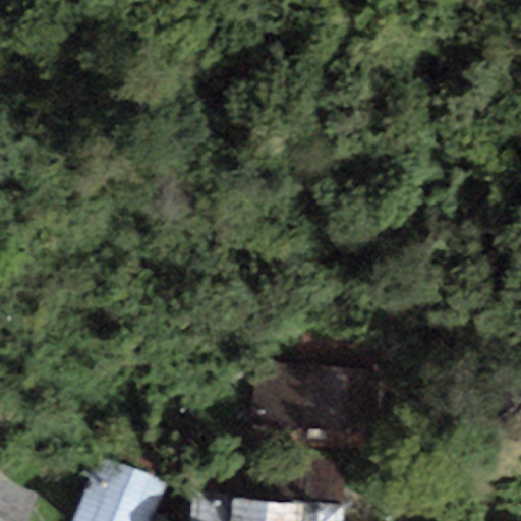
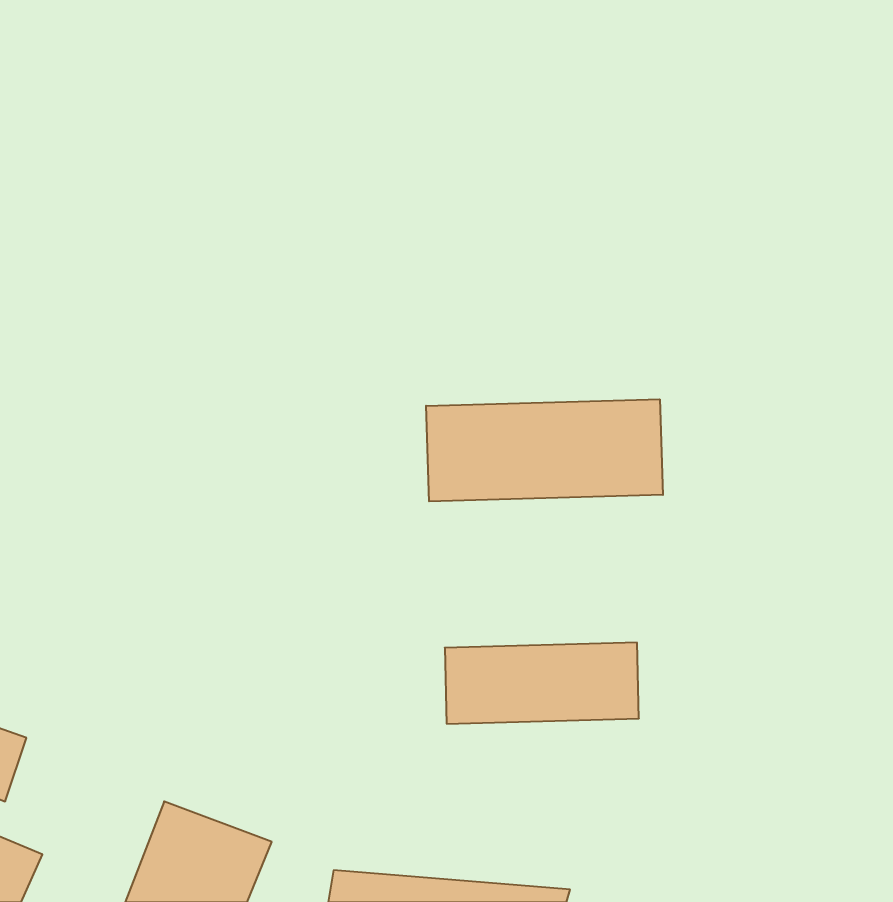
building: none -> [426,399,663,501]

